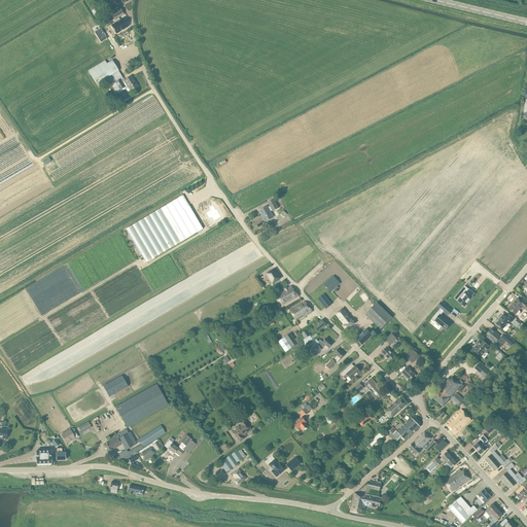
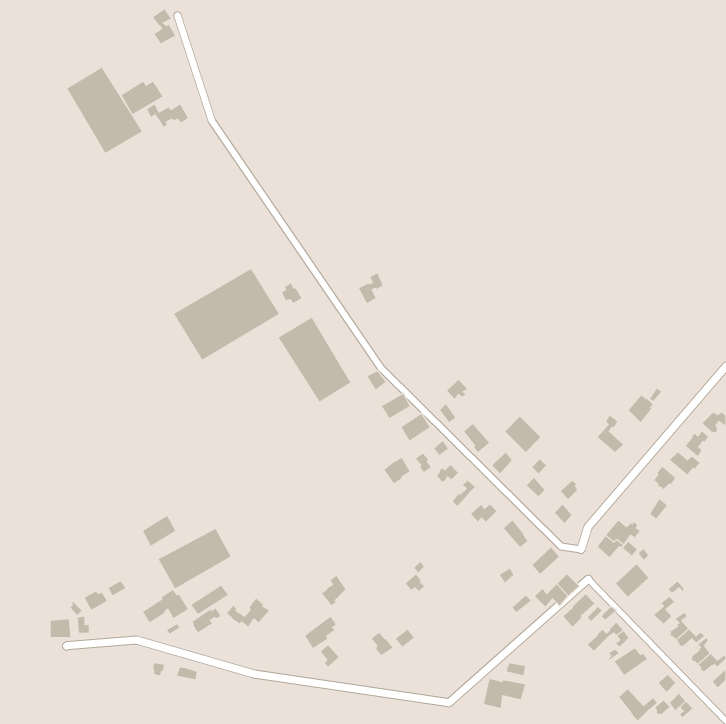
building: none -> [67,67,143,154]
building: none -> [278,317,351,403]

